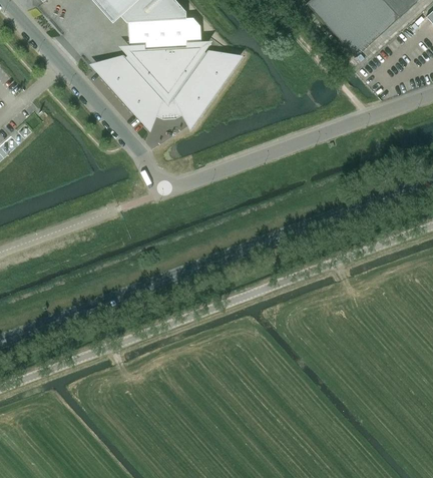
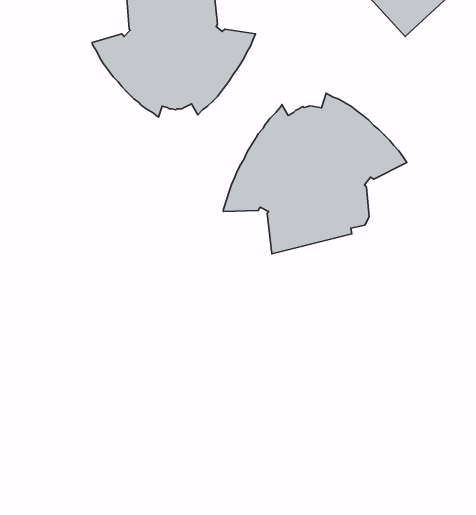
building: none -> [223,93,407,254]

